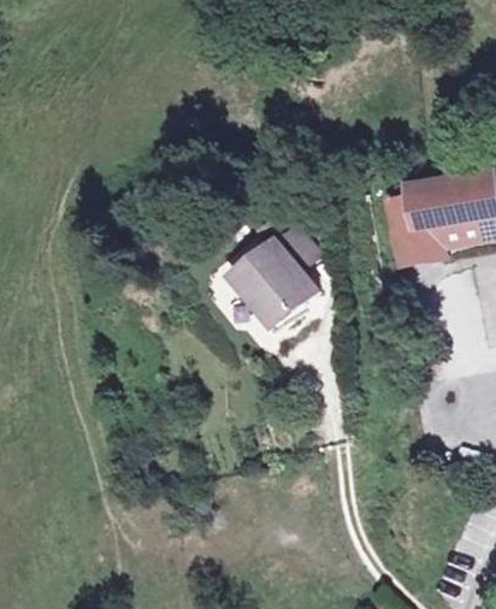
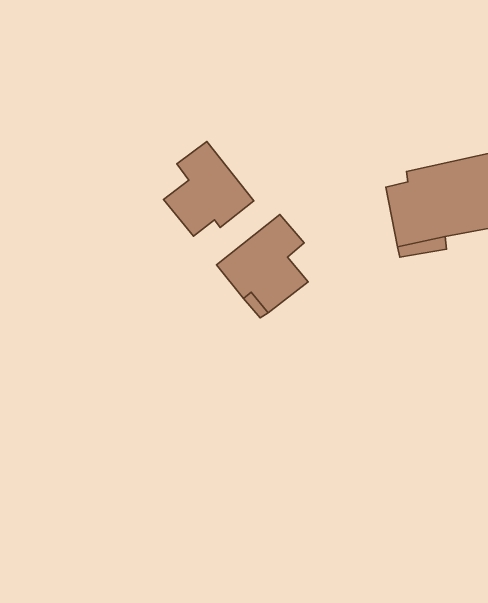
building: none -> [164,142,254,236]

